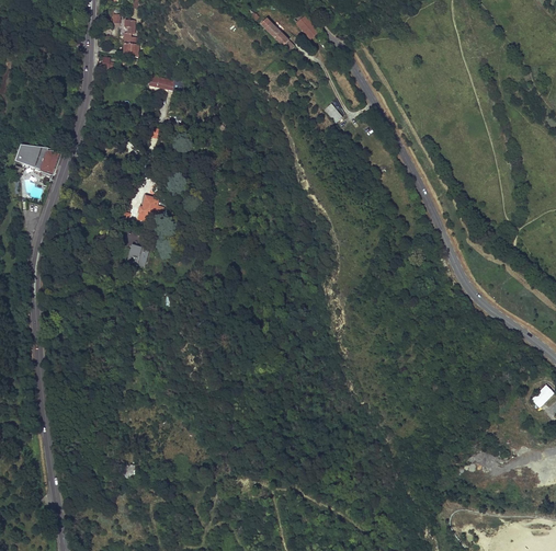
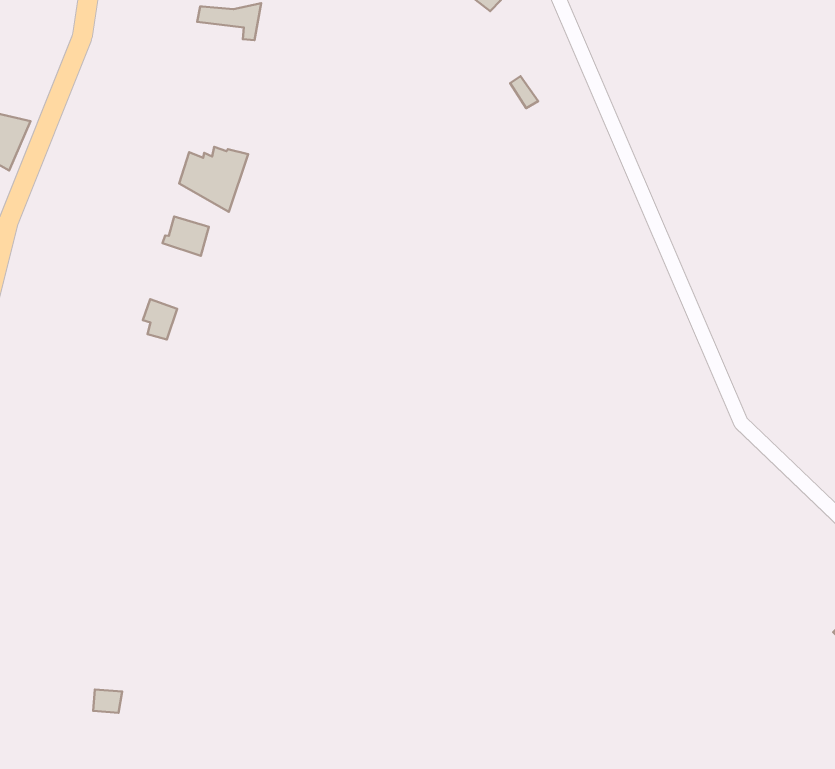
building: none -> [179,147,248,212]

